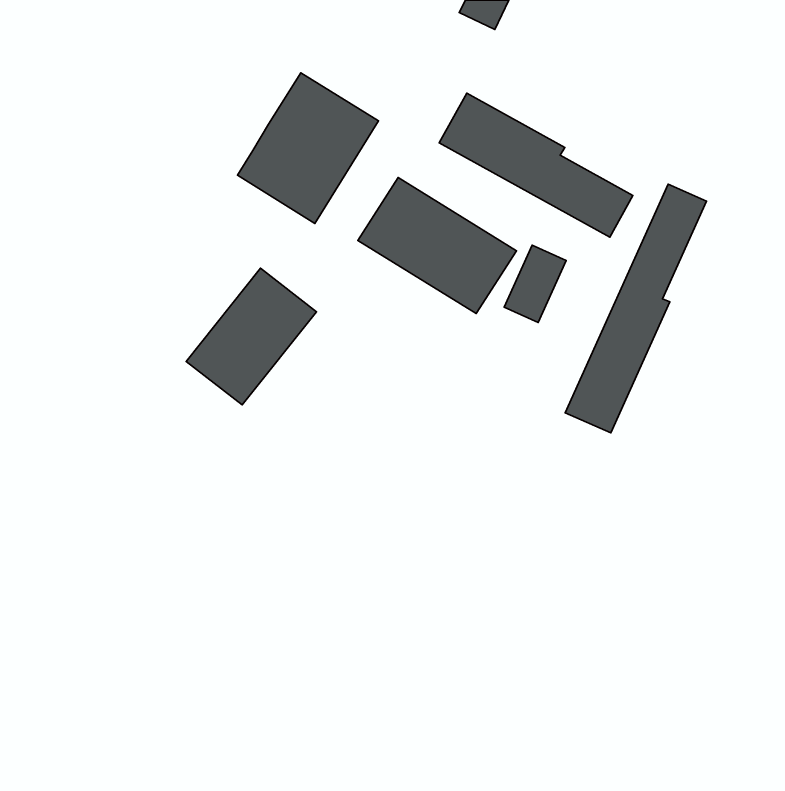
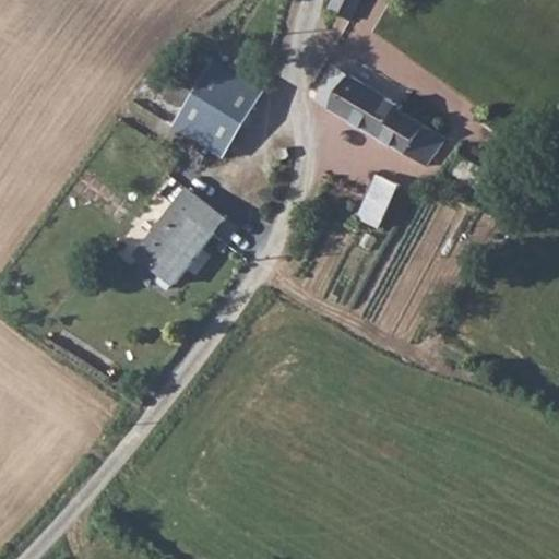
building: [358,177,516,314] -> none
building: [565,184,706,433] -> none

